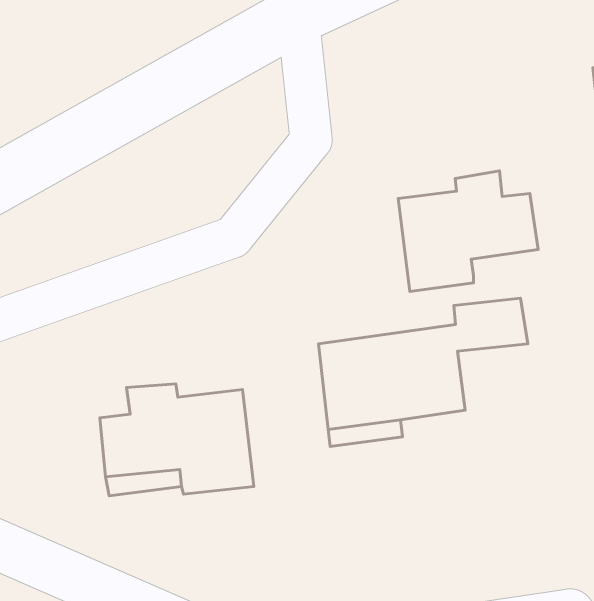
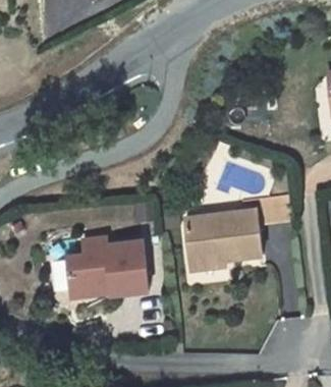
building: [398,171,538,292] -> none

